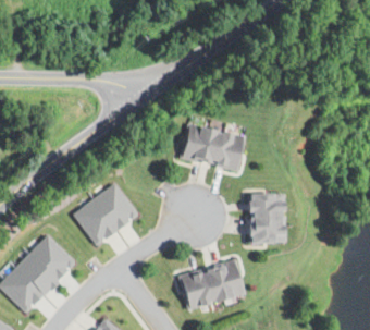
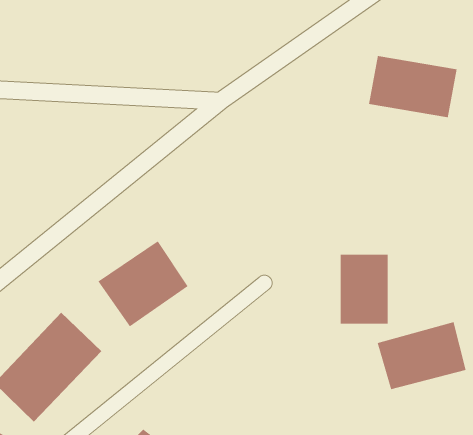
building: [180,124,244,169] -> [368,56,458,118]
building: [178,259,243,308] -> [377,322,466,390]

